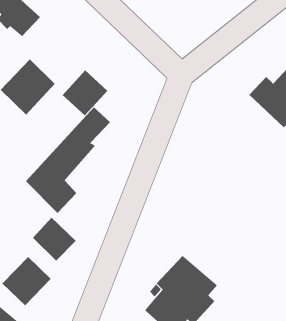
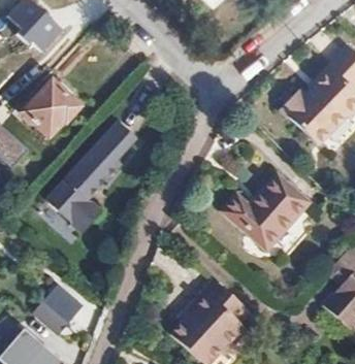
building: [62,70,108,116] -> none
building: none -> [223,171,310,247]
building: [32,217,76,262] -> none

